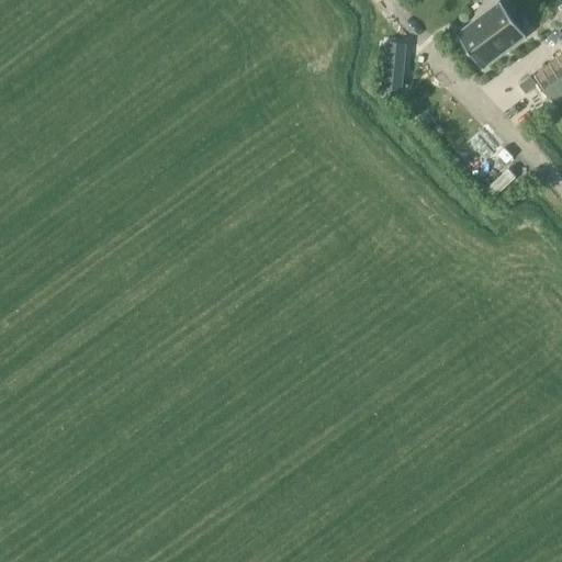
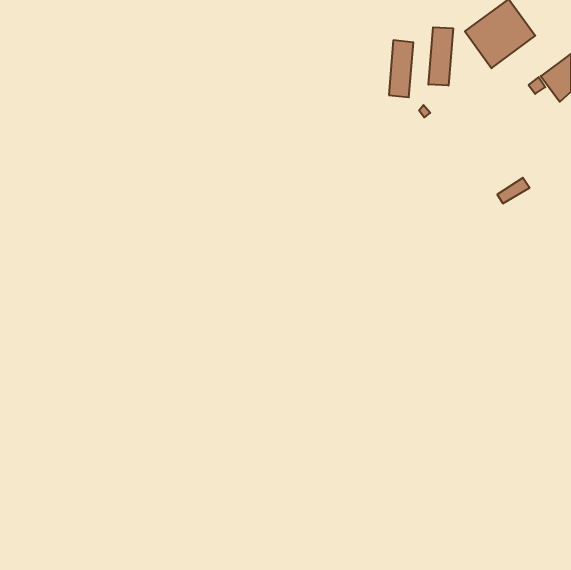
building: none -> [428,27,453,86]

